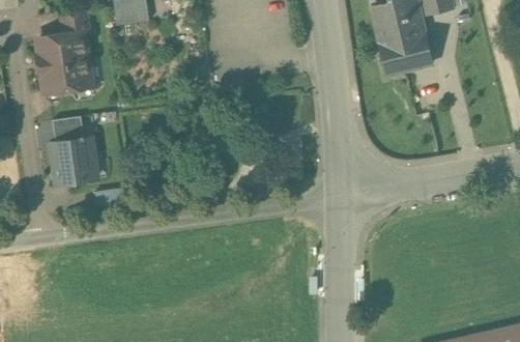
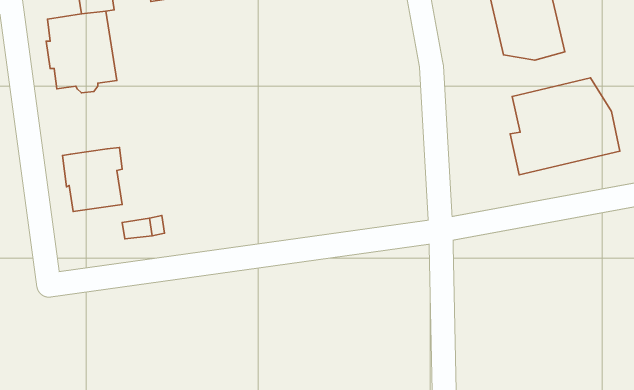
building: none -> [510,78,620,175]
building: [53,116,84,141] -> none

